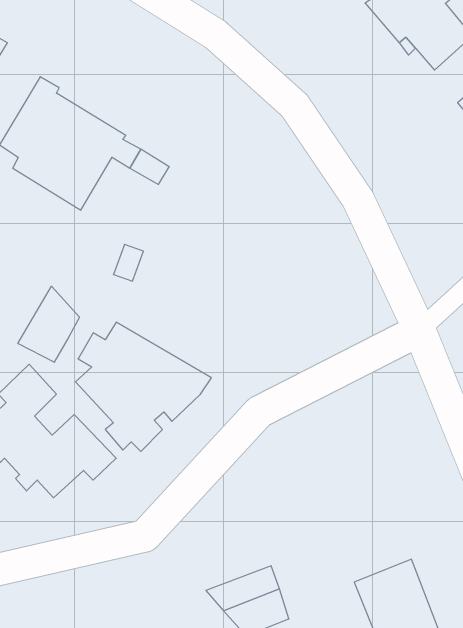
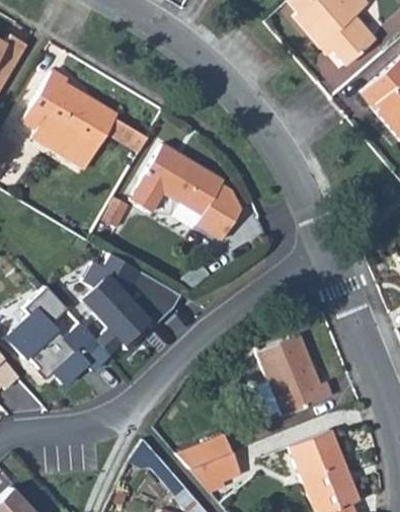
building: none -> [133,146,242,240]
building: [18,286,79,362] -> none
building: none -> [259,336,332,415]

